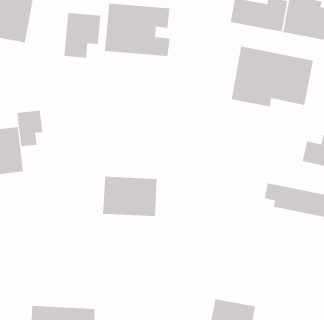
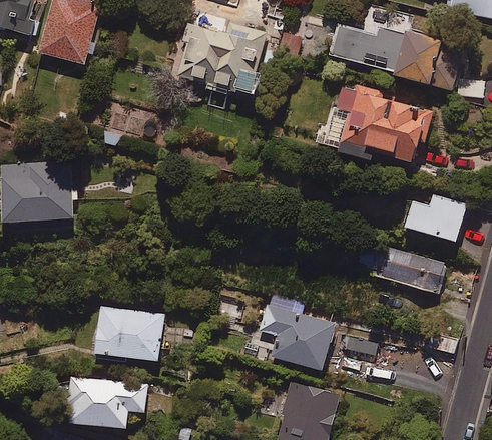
building: [64,12,101,59] -> none
building: [17,110,43,147] -> none
building: [102,176,158,217] -> [94,308,163,360]
building: none -> [260,304,336,370]

